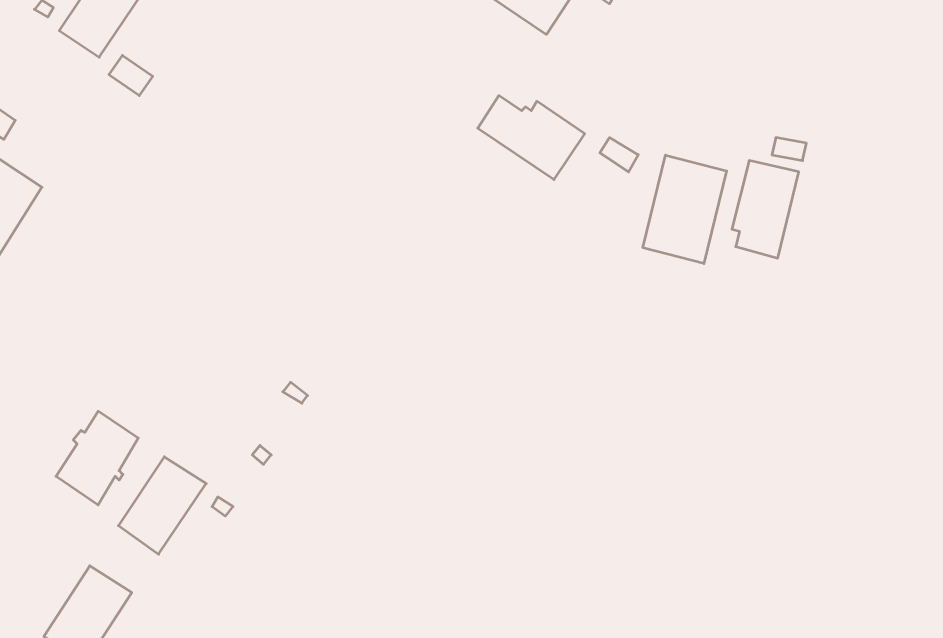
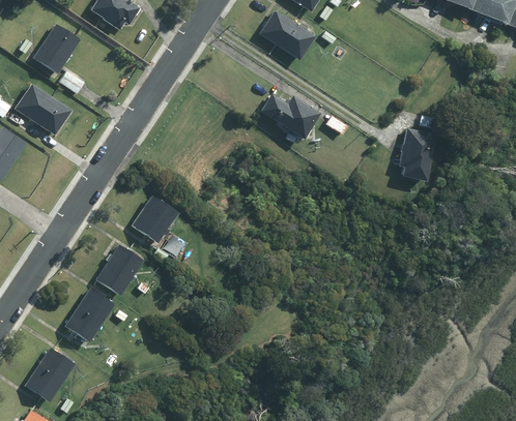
building: none -> [16,85,69,134]
building: [643,155,727,264] -> none
building: none -> [133,197,177,241]
building: [56,411,138,505] -> [97,244,142,295]

